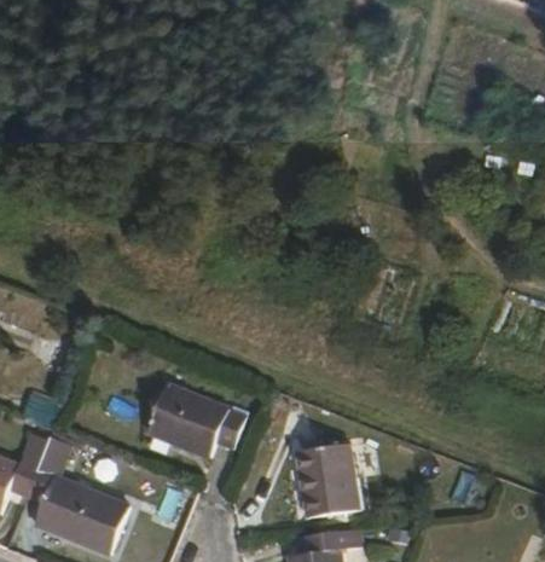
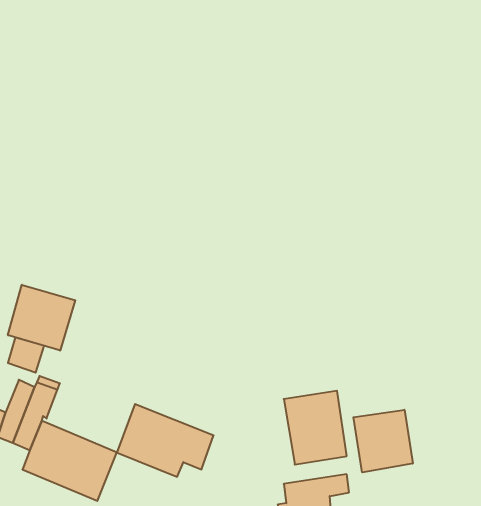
building: none -> [8,285,75,351]
building: [147,383,244,456] -> [117,404,214,477]
building: none -> [353,410,413,472]

